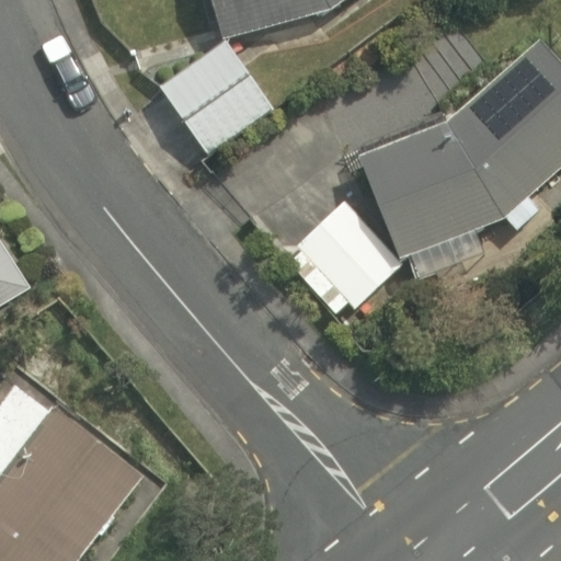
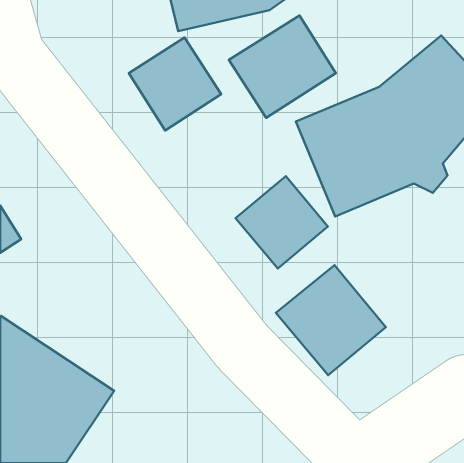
building: none -> [229,15,336,118]
building: none -> [276,265,386,375]

